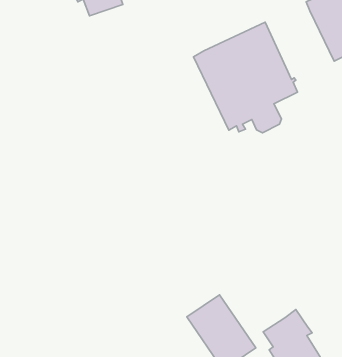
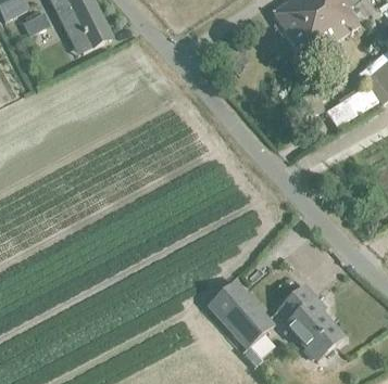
building: [194,22,298,133] -> none

